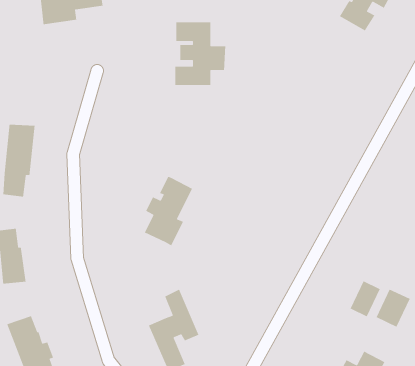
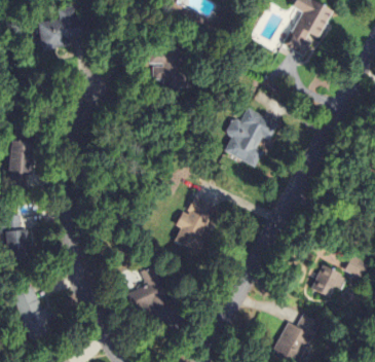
building: none -> [224,107,277,167]
building: [144,176,193,247] -> [175,195,215,253]
building: [350,280,381,317] -> none

